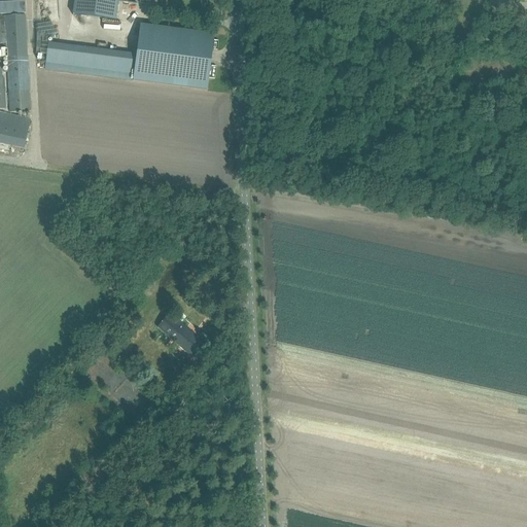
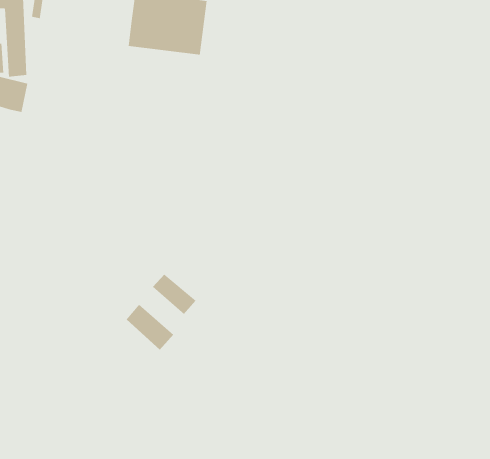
building: [43,41,135,78] -> none
building: none -> [126,304,174,350]

